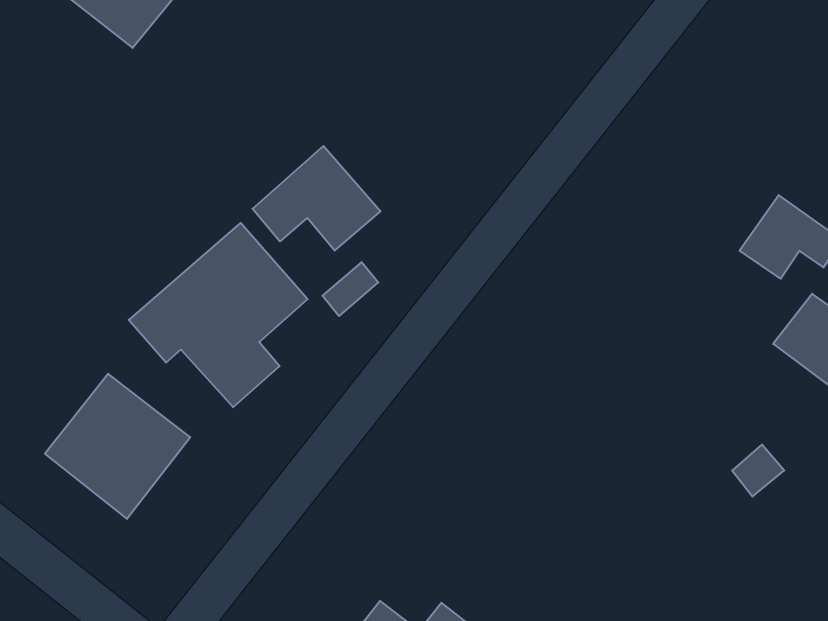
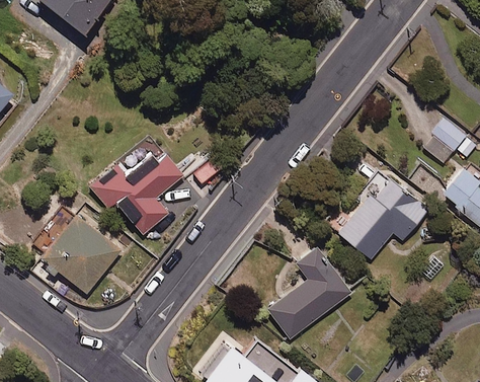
building: [252,146,381,251] -> none
building: none -> [336,176,425,260]
building: none -> [269,246,353,338]

